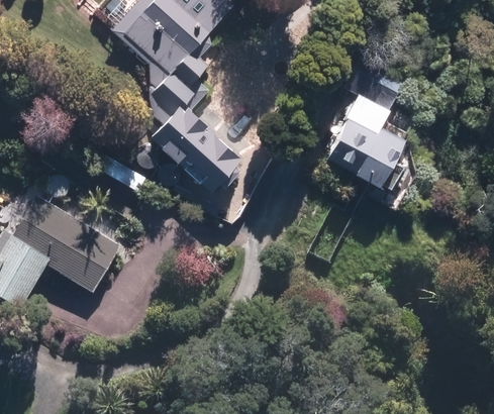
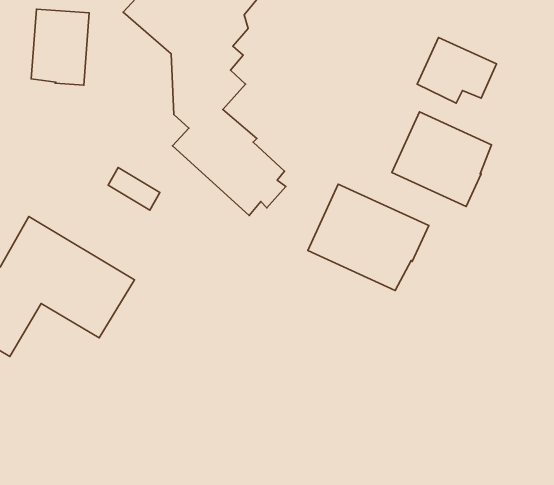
building: none -> [31,9,89,85]
building: none -> [308,184,429,291]

